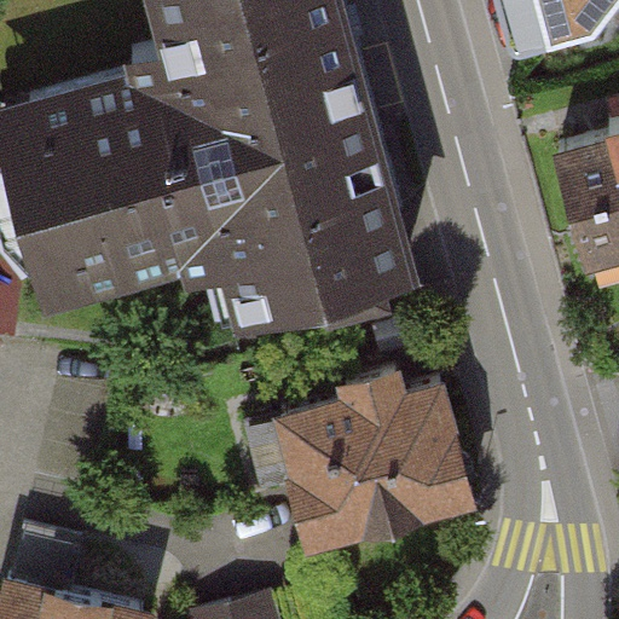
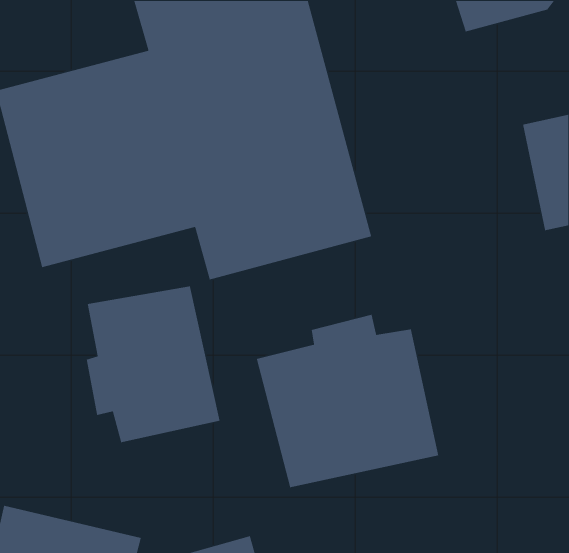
building: none -> [86,285,221,443]

